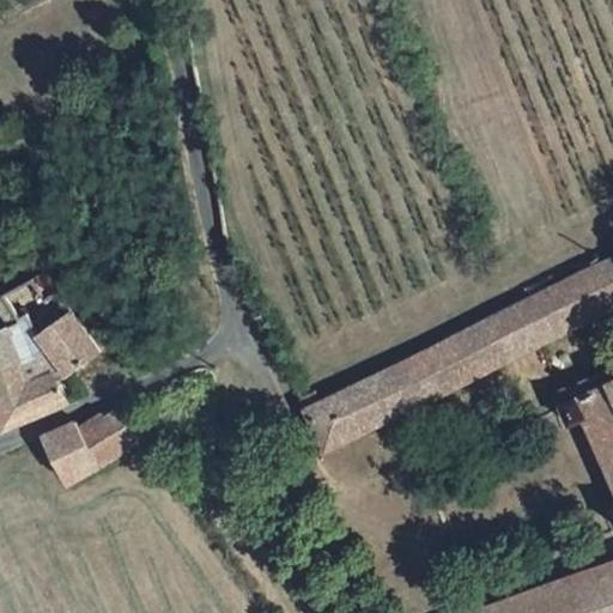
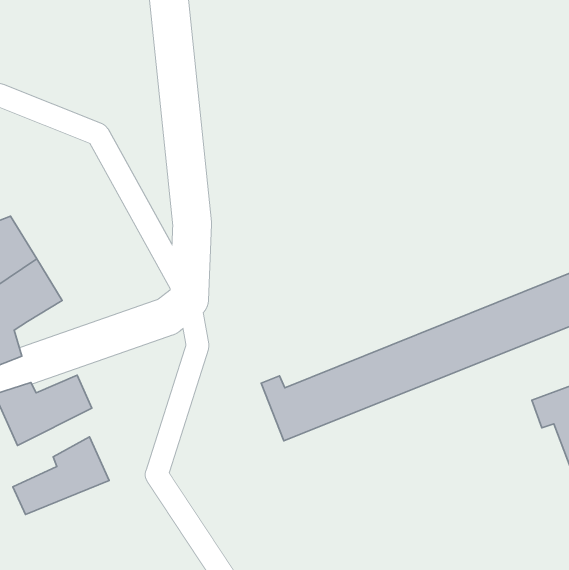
building: none -> [13,437,109,515]

